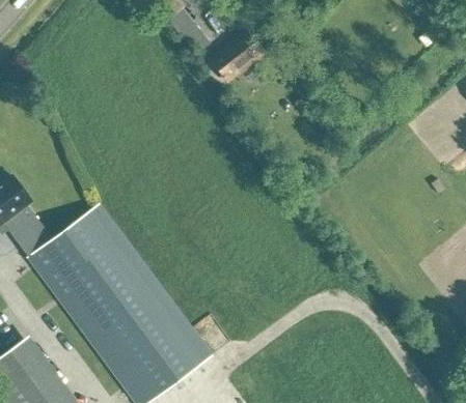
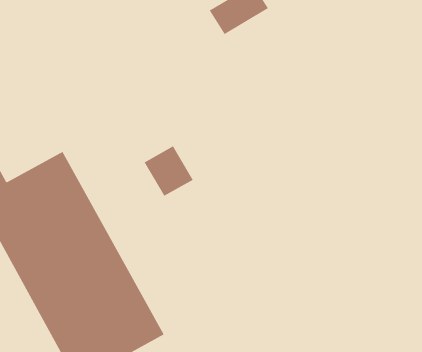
building: none -> [144,146,193,197]

